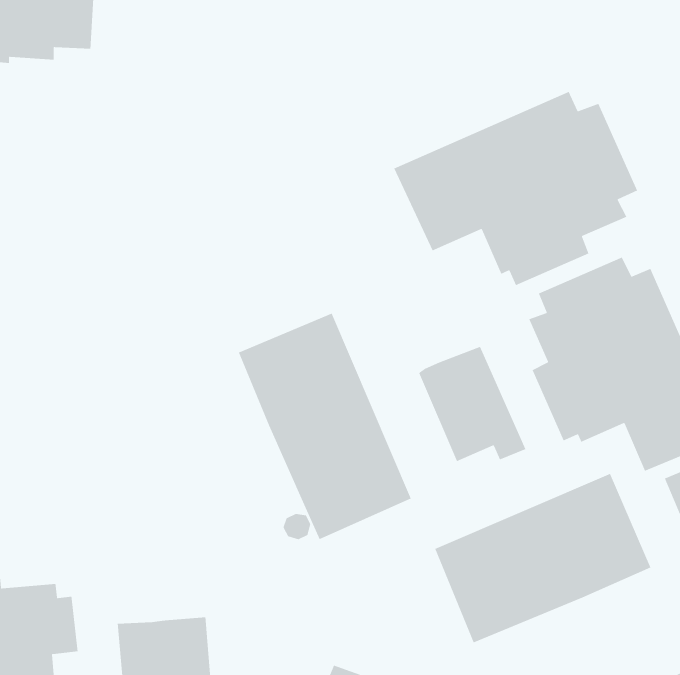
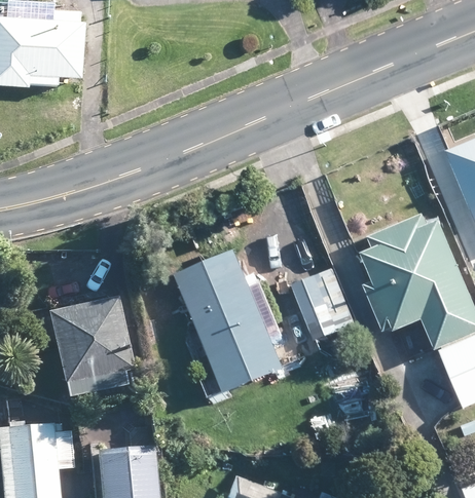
building: [393,91,638,286] -> none
building: none -> [46,297,132,398]
building: [434,473,651,643] -> none

